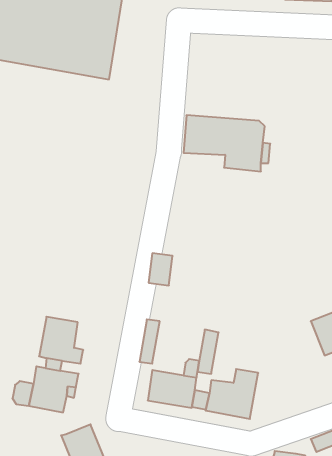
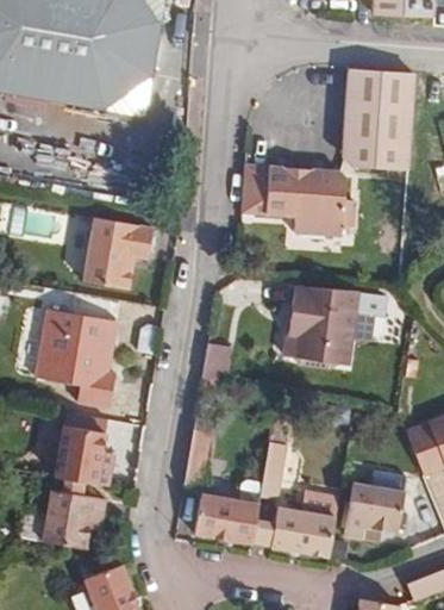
building: none -> [344,68,413,168]
building: none -> [83,217,154,288]
building: none -> [289,291,357,366]
building: none -> [36,309,118,407]
building: none -> [344,481,405,539]

